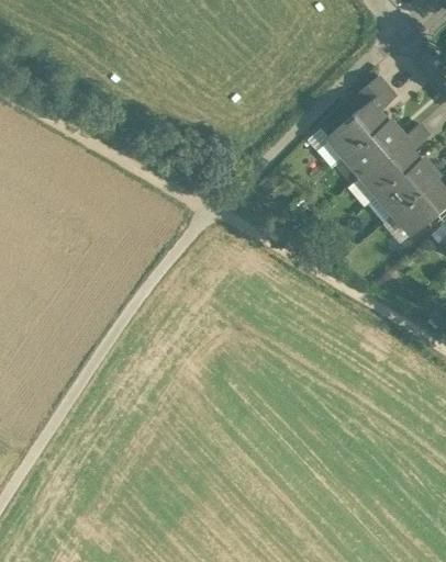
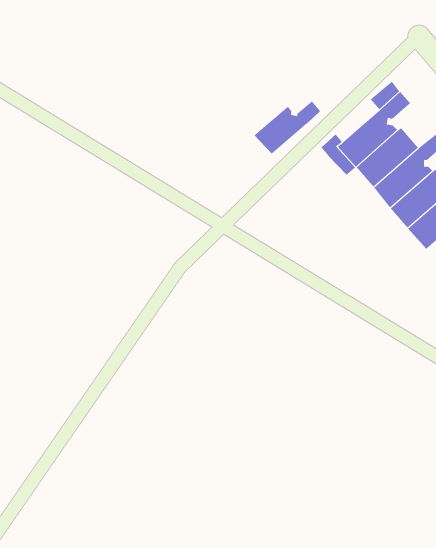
building: none -> [254,101,321,154]

